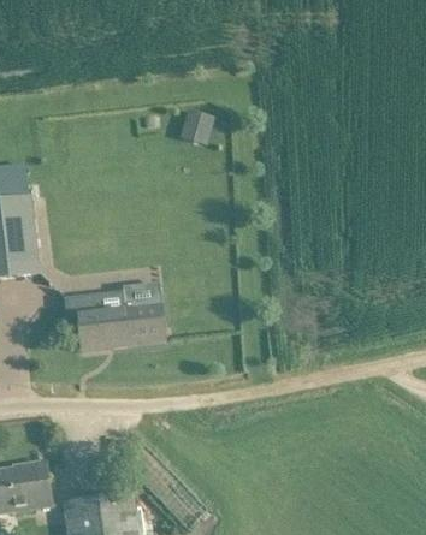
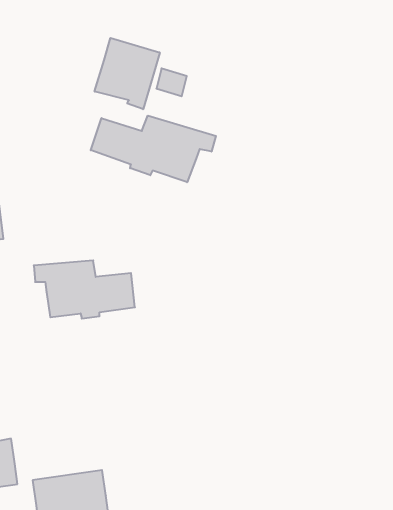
building: none -> [95,38,160,109]
building: none -> [91,116,216,182]

